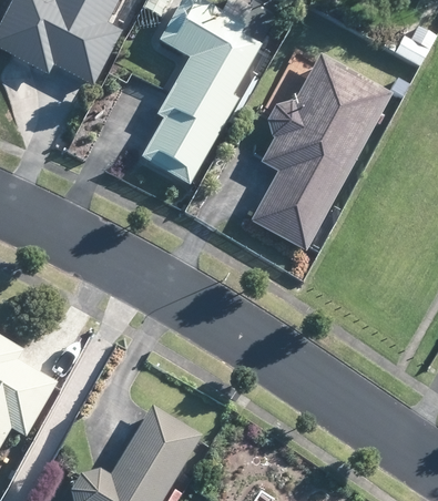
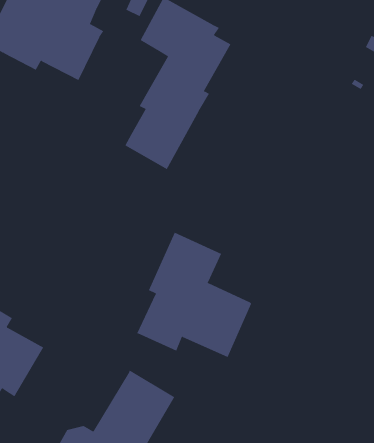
building: [251,59,390,254] -> none
building: none -> [136,232,252,358]

